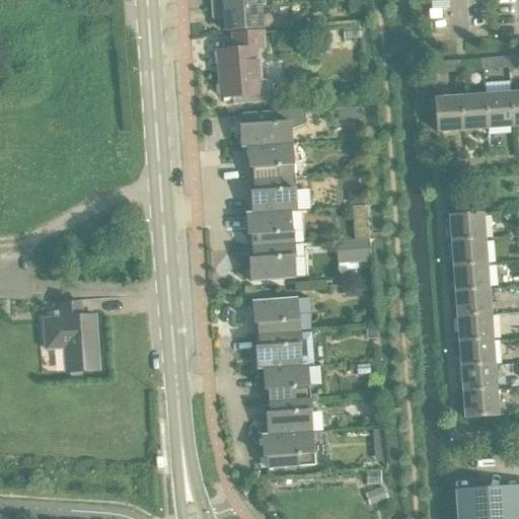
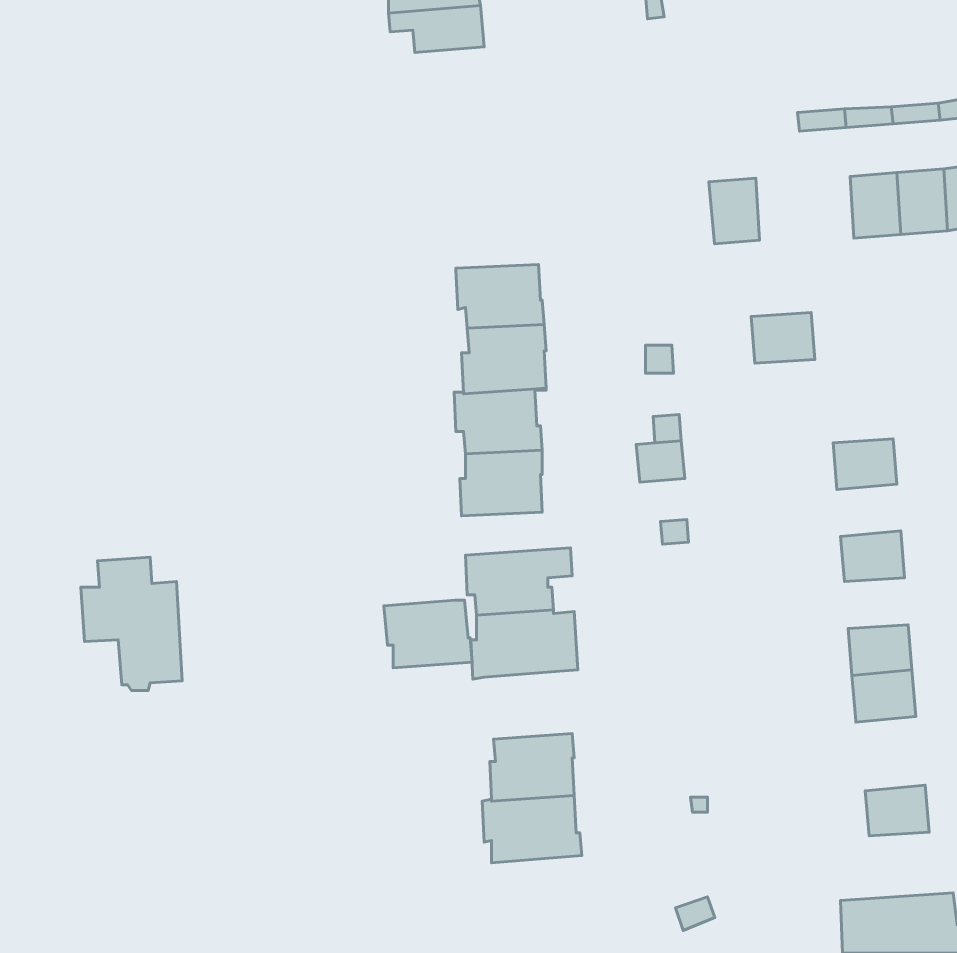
building: [217,30,272,102] -> none
building: [435,95,462,131] -> [709,178,759,244]
building: [240,108,306,146] -> none
building: [449,212,484,239] -> [751,313,815,363]
building: [453,262,488,290] -> none
building: [457,312,492,340] -> none
building: [263,363,310,399] -> [384,600,472,668]
building: [463,387,498,415] -> [865,785,929,836]

